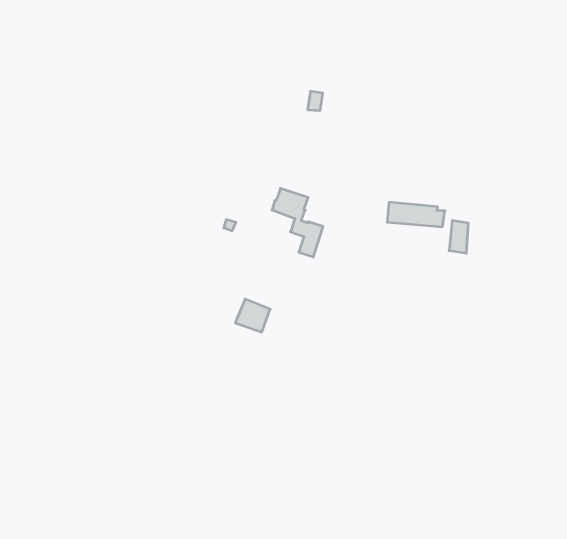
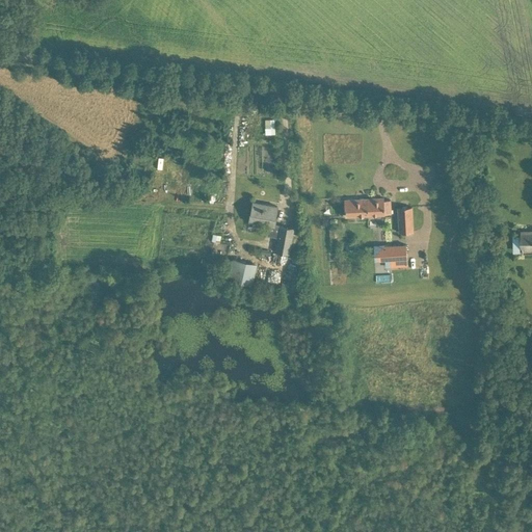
building: none -> [380,244,406,266]
building: [235,299,270,332] -> [227,259,254,284]

